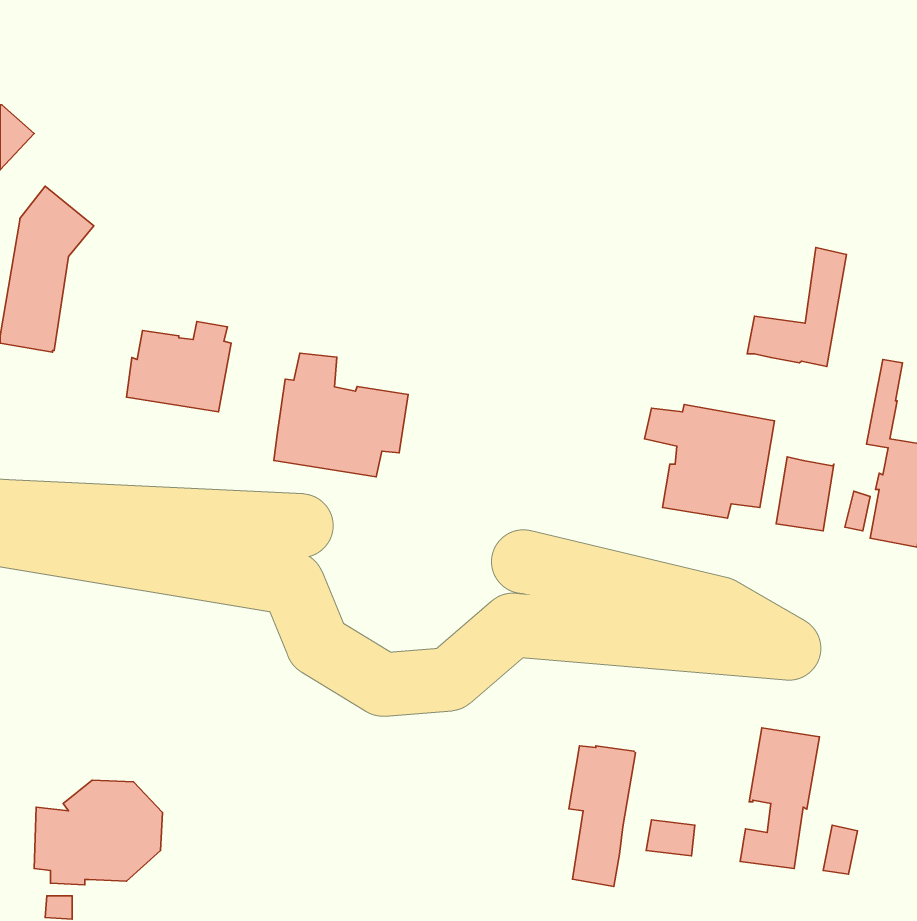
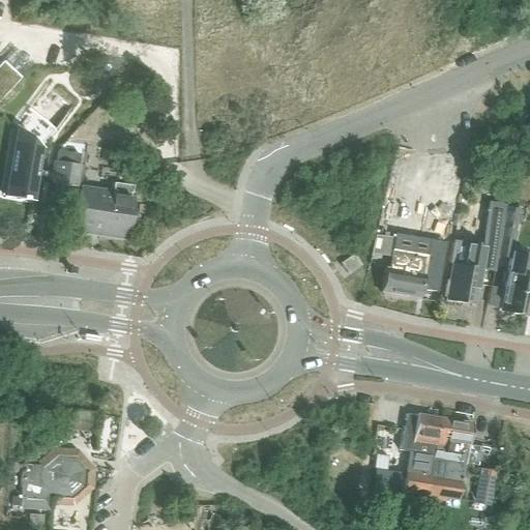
building: [747,247,847,367] -> [450,201,507,269]
building: none -> [53,150,82,186]
building: [274,353,408,477] -> none
building: [569,746,636,887] -> [402,413,440,494]

